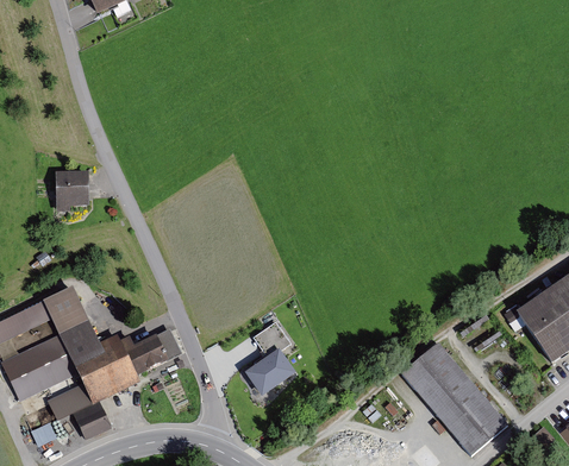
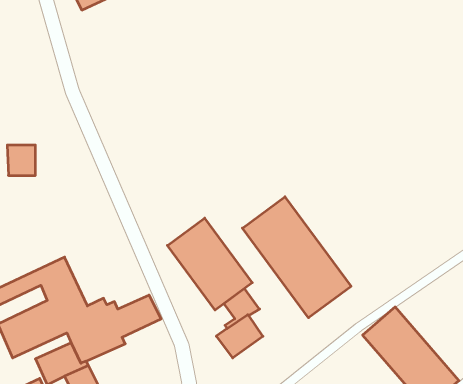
building: [57,171,88,204] -> [7,145,35,175]
building: none -> [242,197,351,318]
building: none -> [167,218,252,310]

